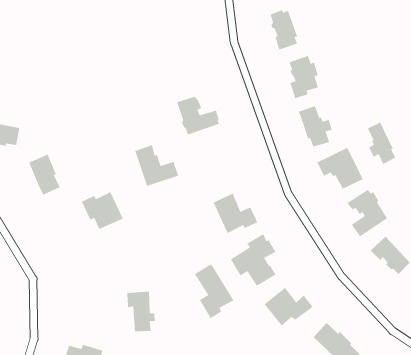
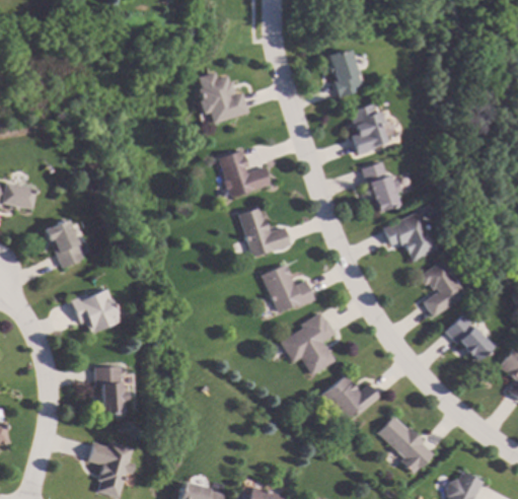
building: none -> [197,71,248,124]
building: [367,122,396,165] -> none
building: [134,144,179,187] -> [238,207,291,257]
building: [81,191,124,230] -> [70,288,121,334]
building: [194,263,234,319] -> none
building: [126,291,156,332] -> [93,365,128,414]

